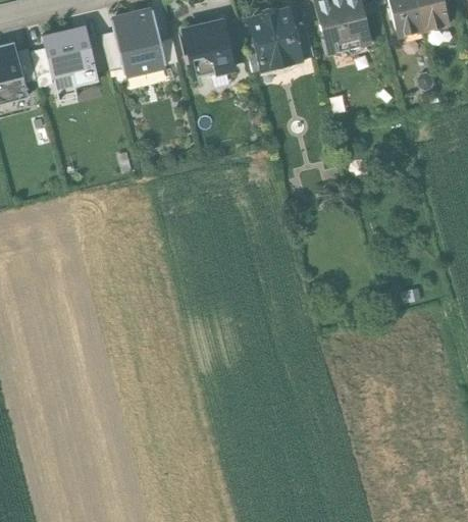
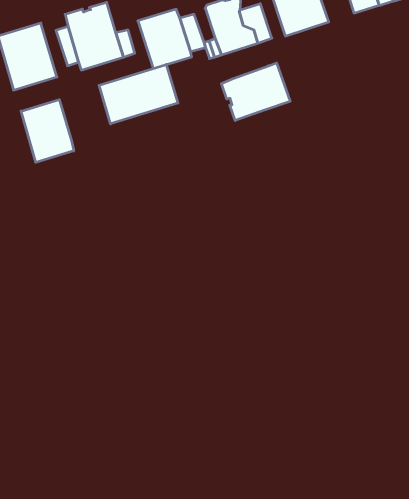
building: none -> [99,64,178,124]
building: none -> [221,63,290,121]
building: none -> [21,100,74,162]

